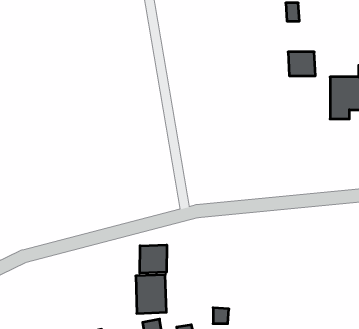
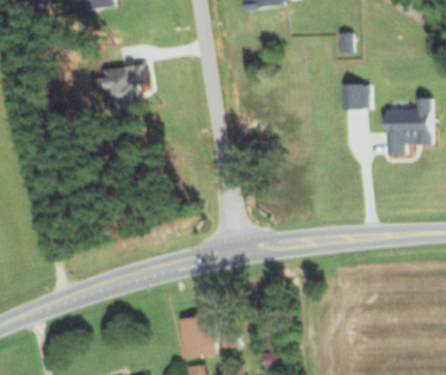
building: none -> [97,65,144,111]
building: [140,245,167,273] -> none

